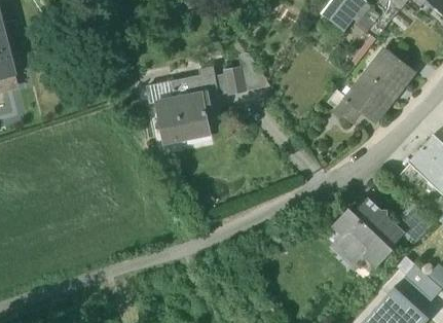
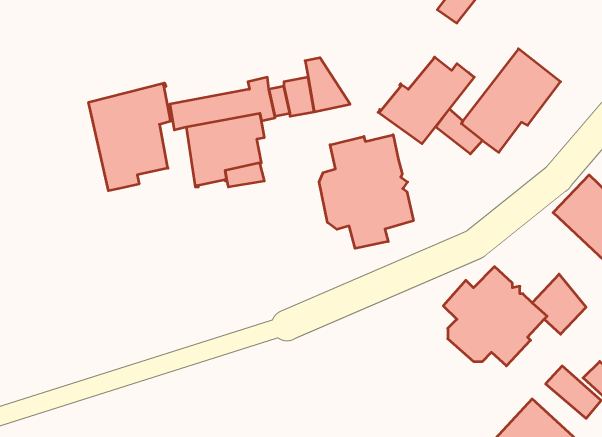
building: none -> [378,57,474,144]
building: none -> [89,83,173,191]
building: none -> [319,135,413,248]

